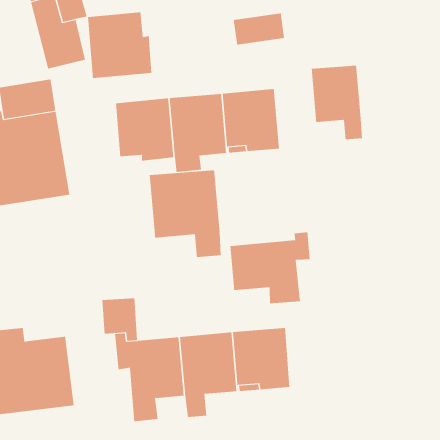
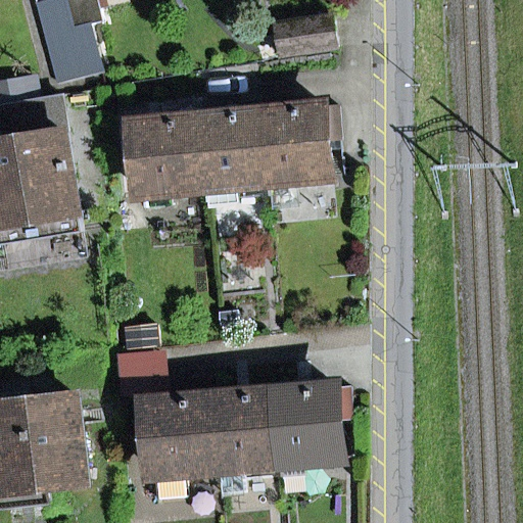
building: [87,11,152,79] -> none
building: [311,65,362,140] -> none
building: [149,169,221,258] -> none
building: [230,232,310,304] -> none

